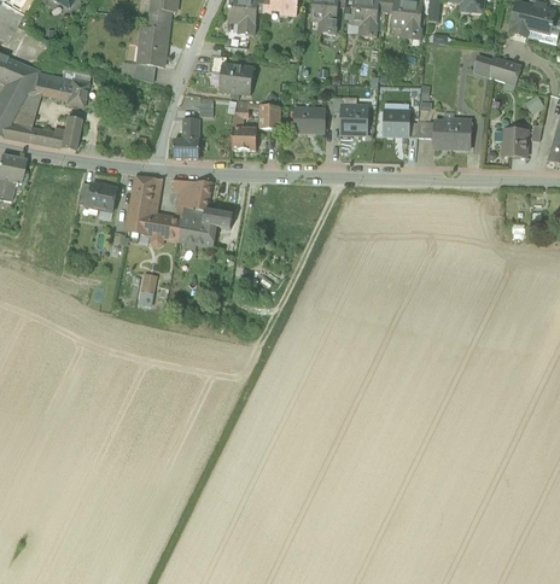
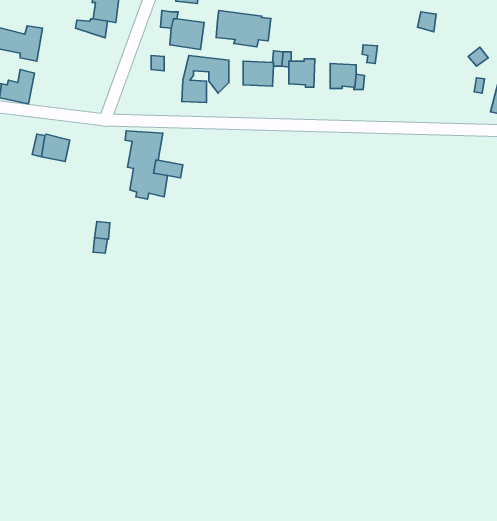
building: [490,48,521,83] -> none
building: none -> [216,10,271,47]
building: [174,117,200,157] -> none
building: [434,118,473,147] -> none
building: [495,128,527,154] -> none
building: [127,174,182,244] -> none

